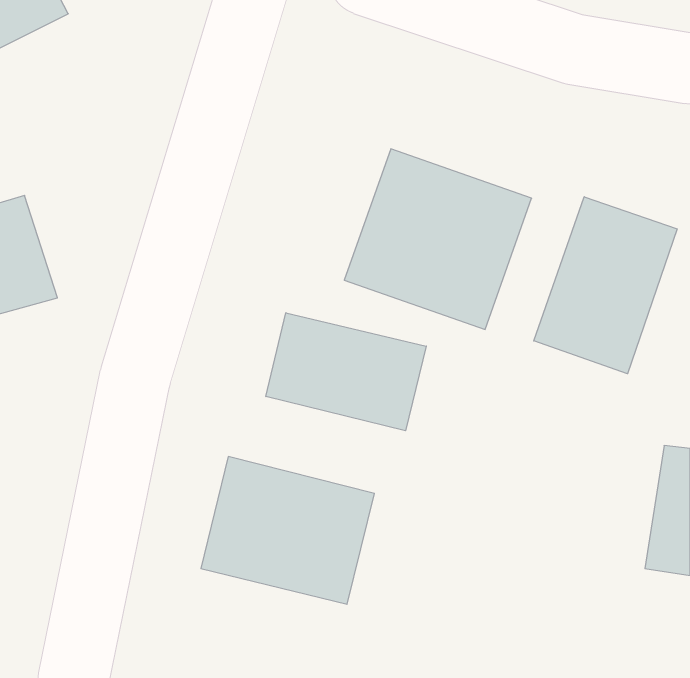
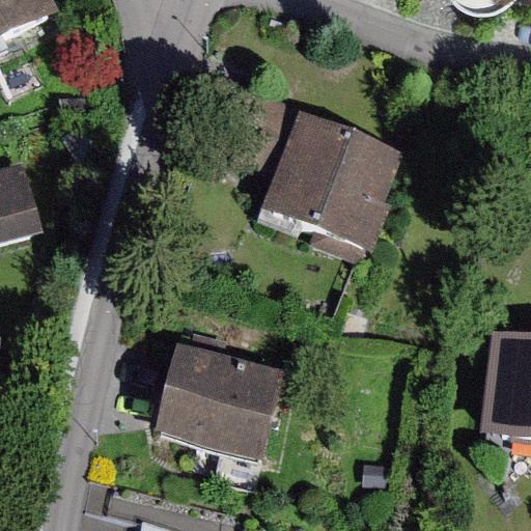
building: [534,197,677,374] -> none
building: [266,313,426,431] -> none

